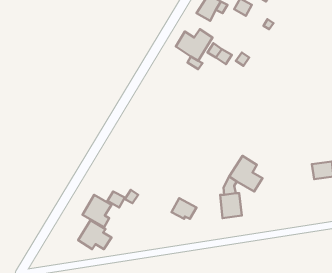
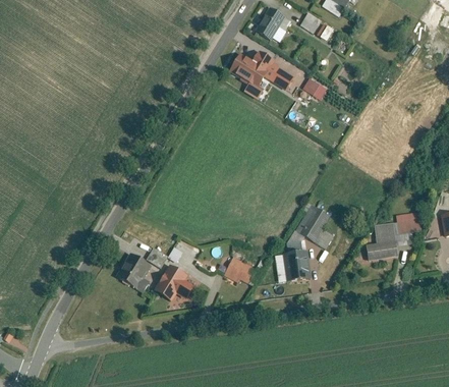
building: none -> [367,221,399,259]
building: [78,220,111,249] -> [155,264,195,299]

